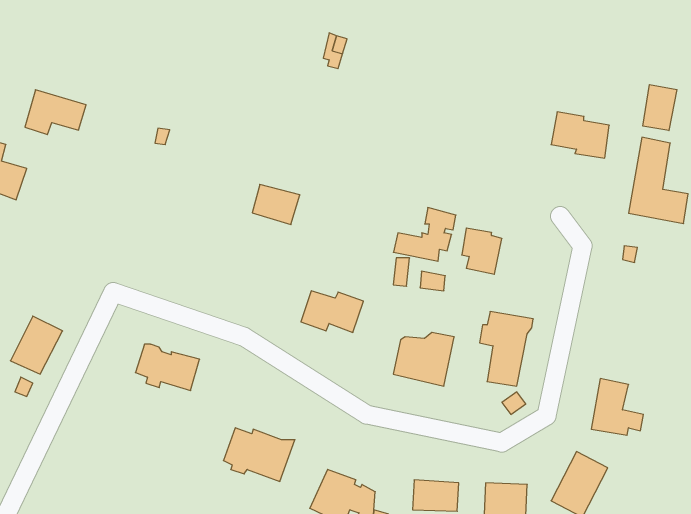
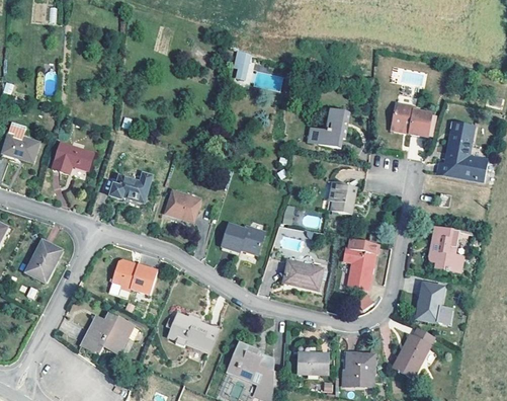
building: [643,85,677,131] -> none
building: [25,90,86,135] -> [50,143,91,173]
building: [252,184,300,225] -> [165,192,197,220]
building: [393,208,456,261] -> [308,110,350,147]
building: none -> [108,171,149,202]
building: none -> [430,229,463,271]
building: none -> [80,317,130,357]

